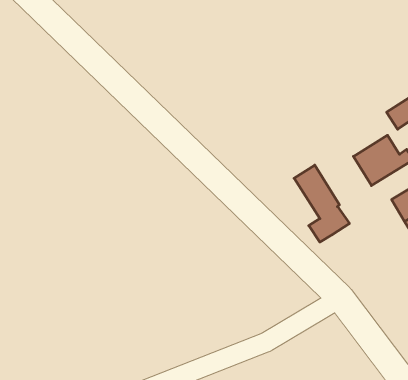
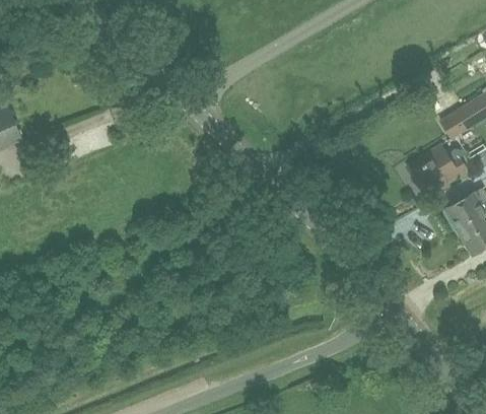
building: [294,165,349,242] -> none

